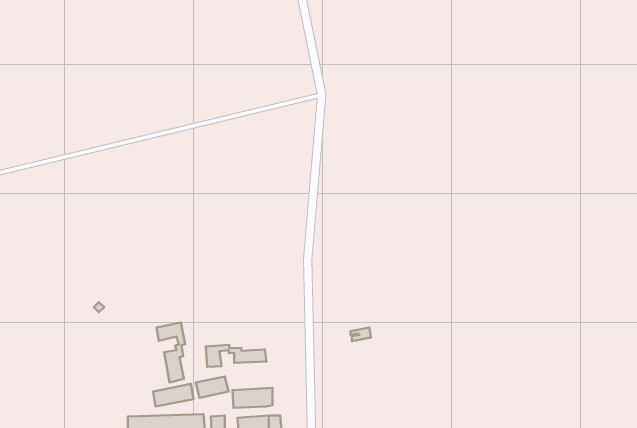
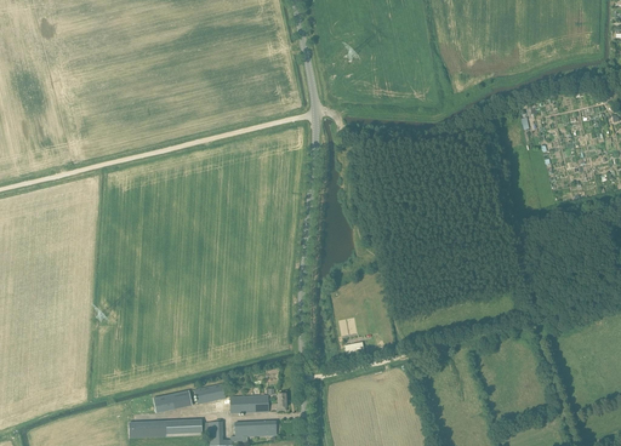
building: [157,323,185,383] -> none
building: [206,345,267,367] -> none

